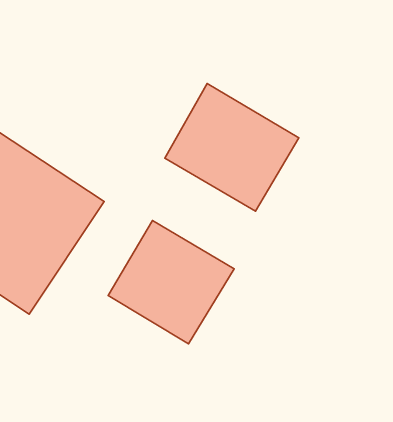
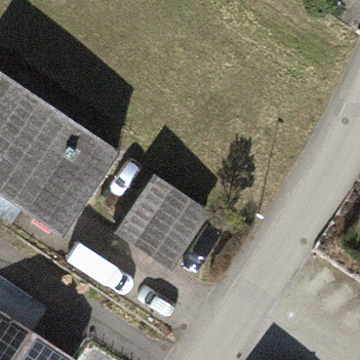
building: [165,84,299,211] -> none

